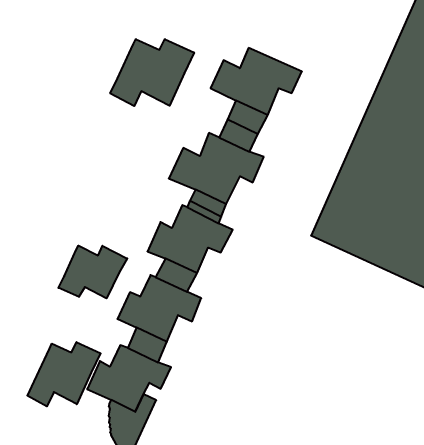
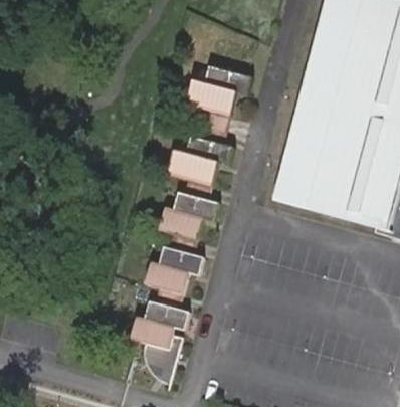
building: [110,39,194,106] -> none
building: [58,246,127,298] -> none
building: [27,342,101,406] -> none

